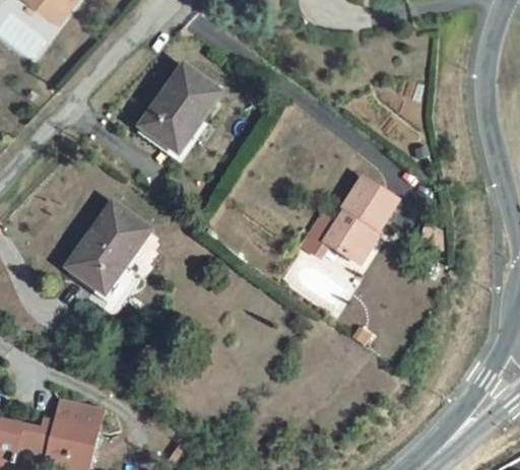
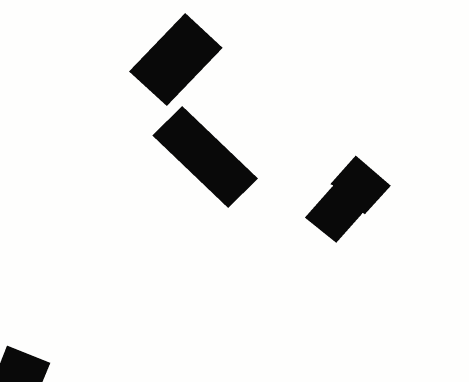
building: none -> [152,105,259,209]
building: [65,201,152,294] -> none

